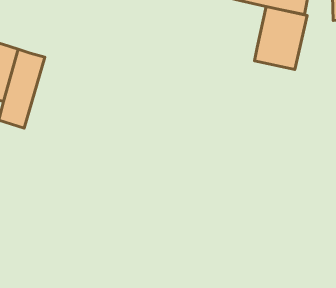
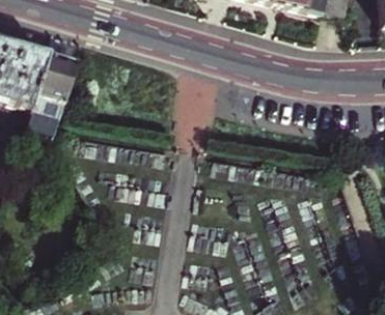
building: [255,6,307,70] -> none

